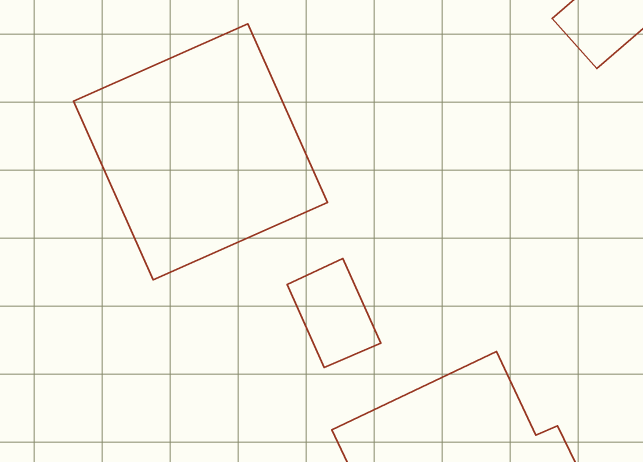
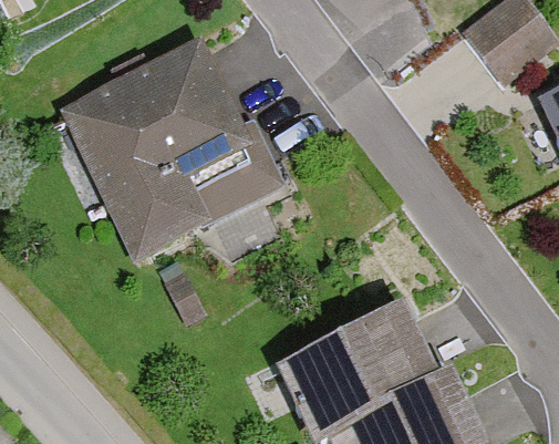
building: [287,258,381,368] -> none

